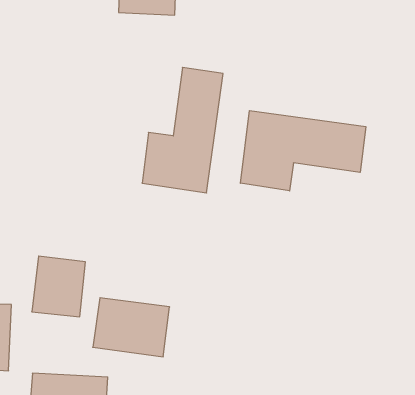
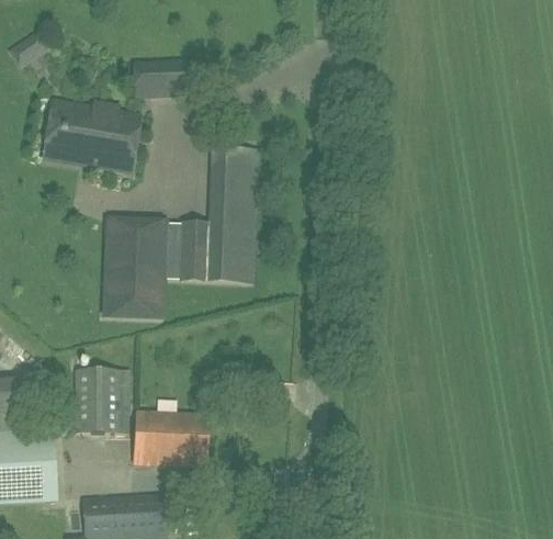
building: none -> [42,102,138,170]
building: [240,111,366,191] -> none
building: none -> [101,218,163,317]

